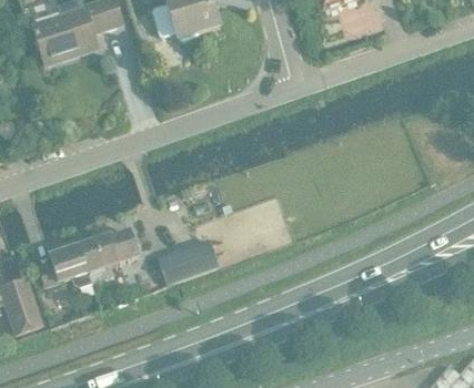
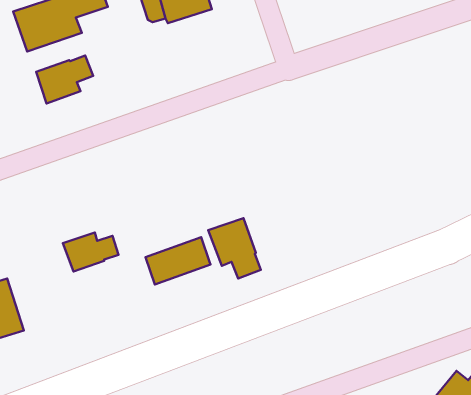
building: none -> [36,55,93,104]
building: none -> [208,218,261,279]
building: [40,244,92,286] -> none

